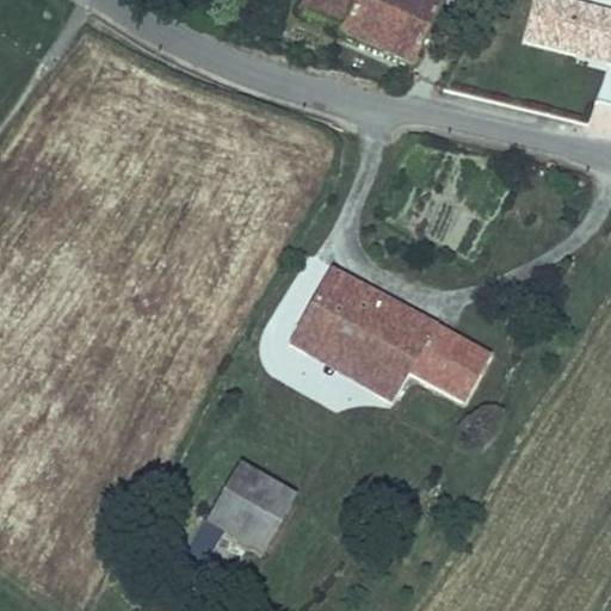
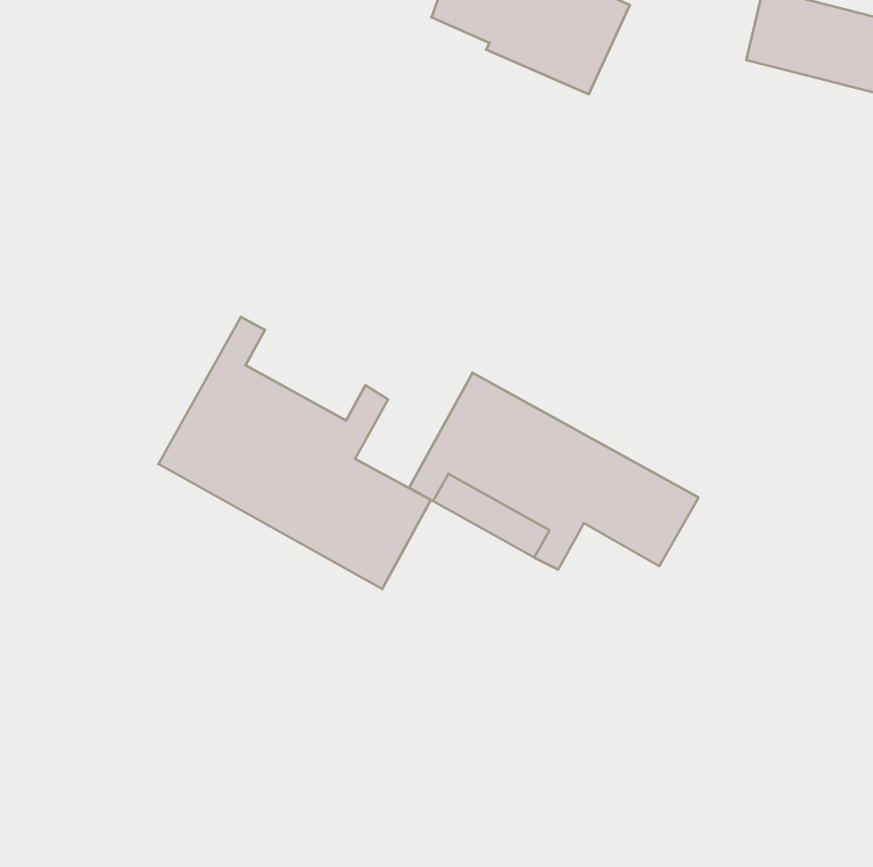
building: none -> [158,317,431,589]
building: [206,455,302,557] -> none

